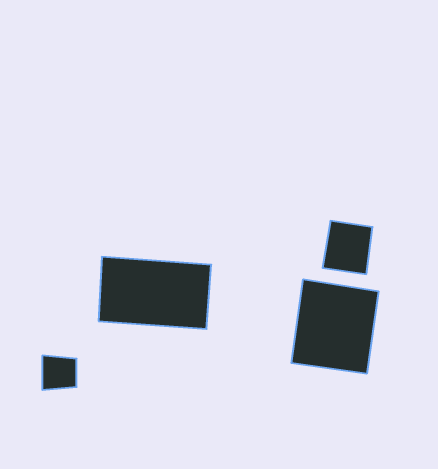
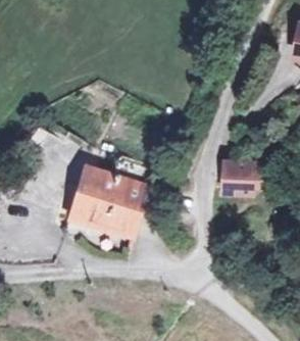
building: [291,279,378,374] -> none

